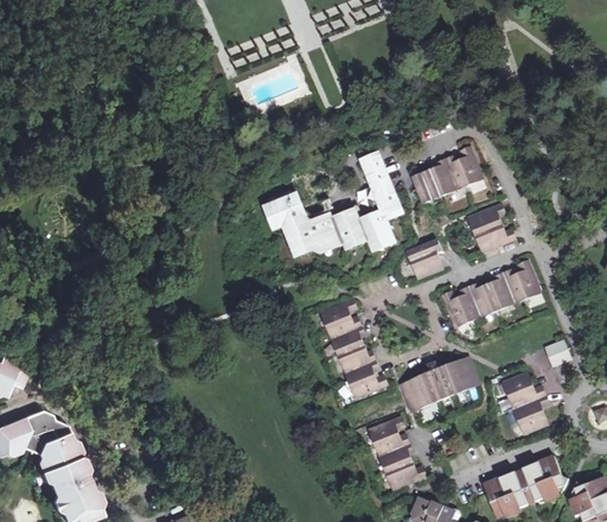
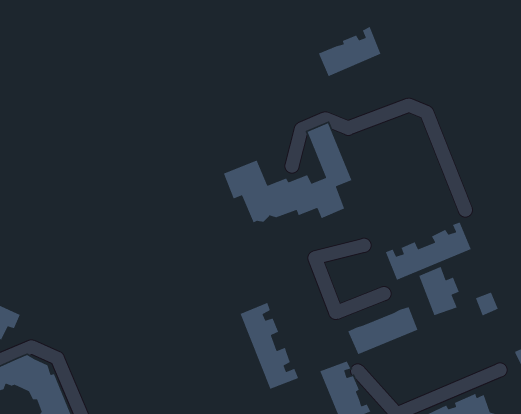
building: [411,146,484,204] -> [318,26,382,77]
building: [468,203,517,253] -> none
building: [408,240,443,279] -> none
building: [321,299,389,399] -> [240,302,299,390]
building: [501,371,549,428] -> [418,266,460,316]

